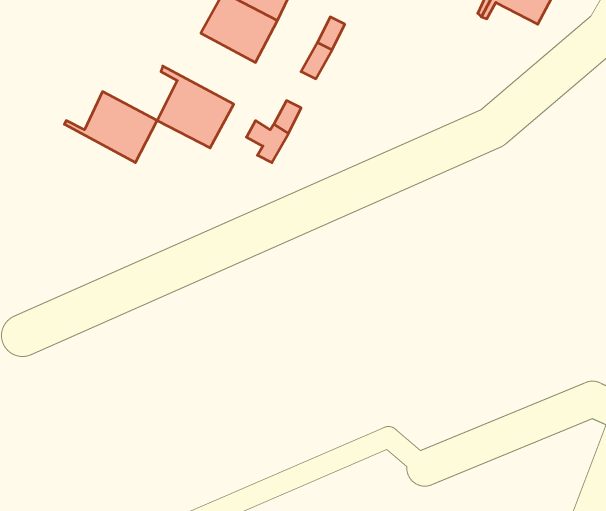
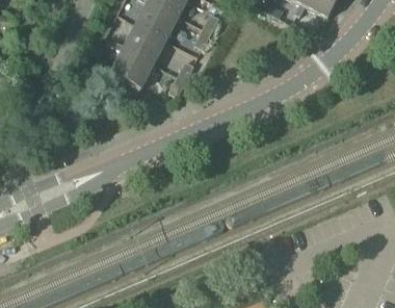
building: [64,92,157,163] -> [114,22,167,62]

